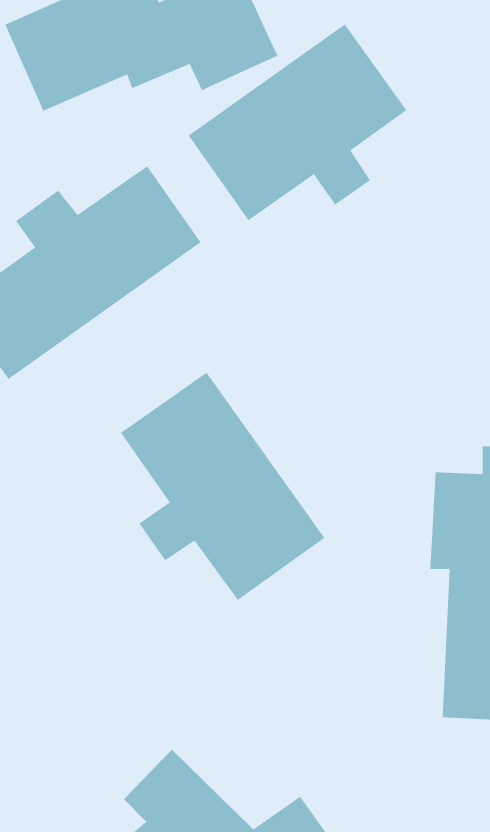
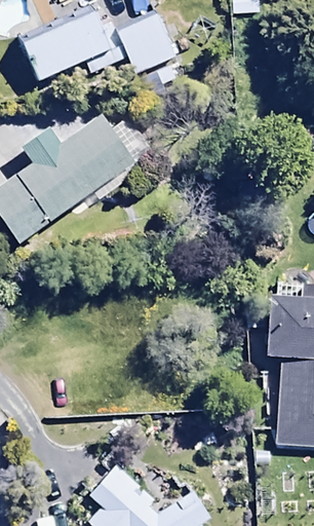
building: [188,24,407,221] -> none
building: [120,372,325,601] -> none

